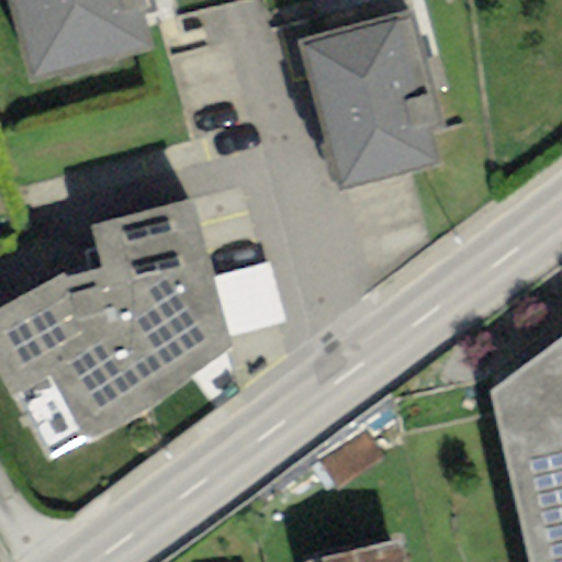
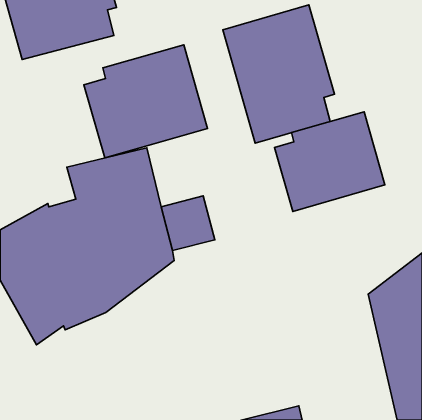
building: none -> [84,45,207,158]
building: none -> [275,112,385,211]

